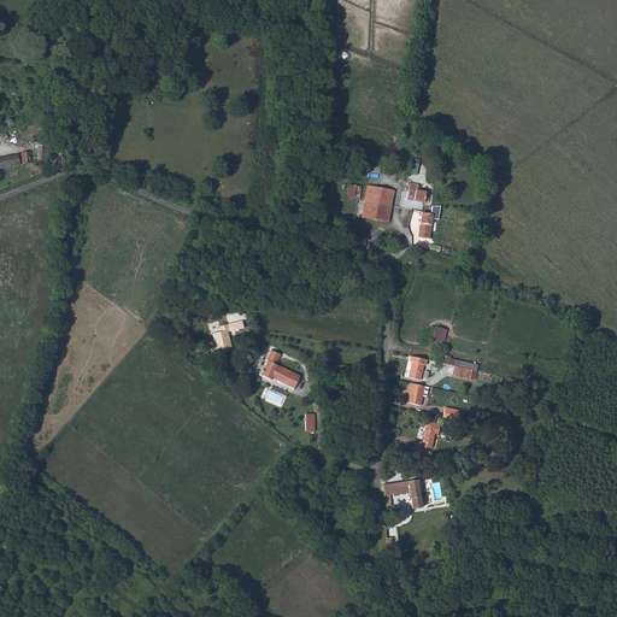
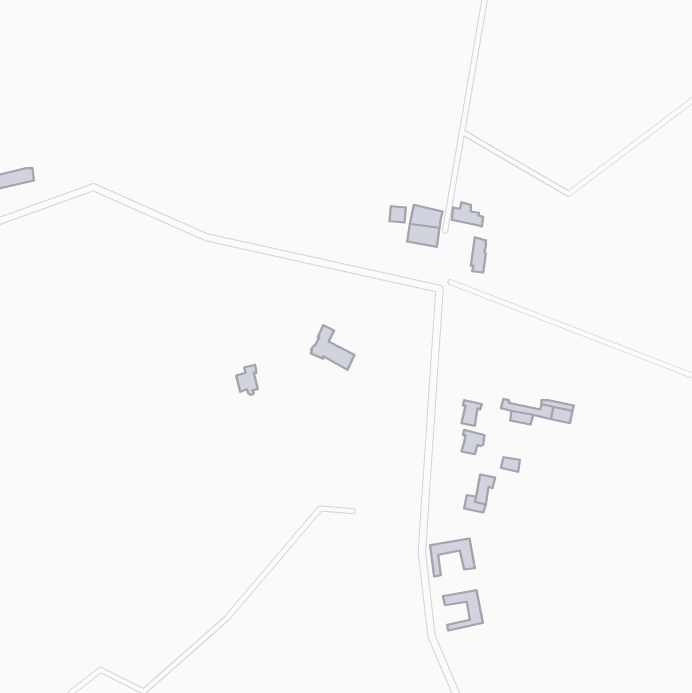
building: [258,351,296,390] -> [311,325,354,370]
building: none -> [443,590,483,630]

